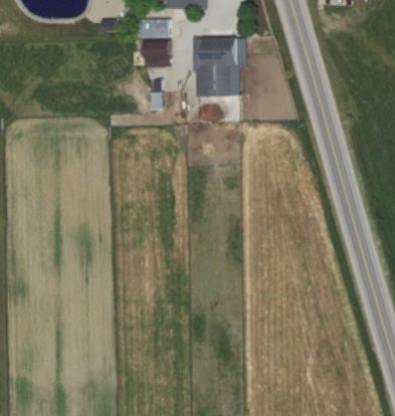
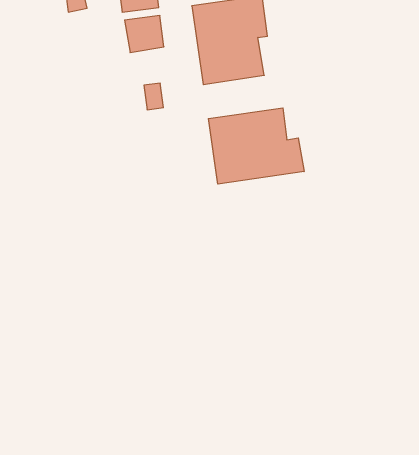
building: none -> [208,108,304,184]

